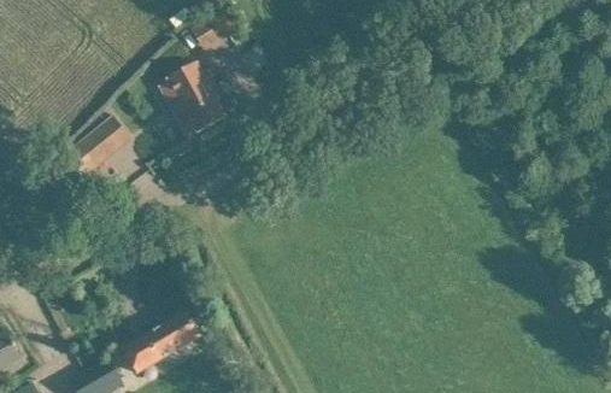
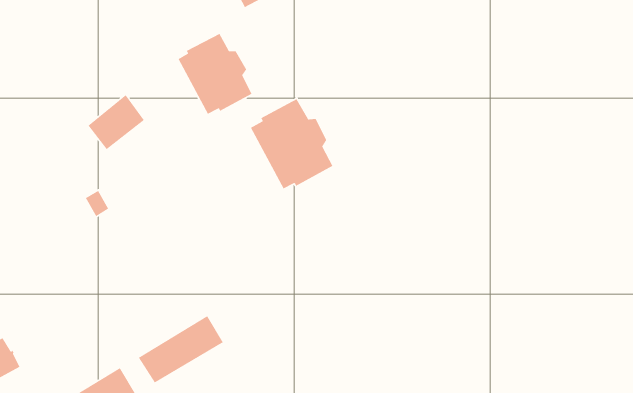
building: none -> [250,98,334,189]

